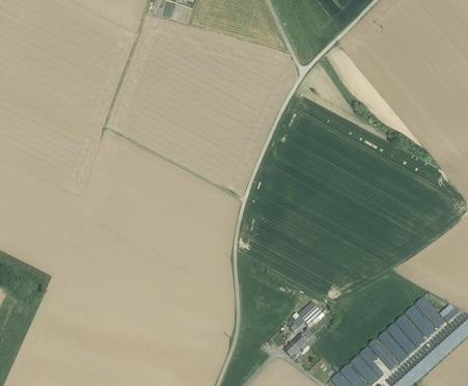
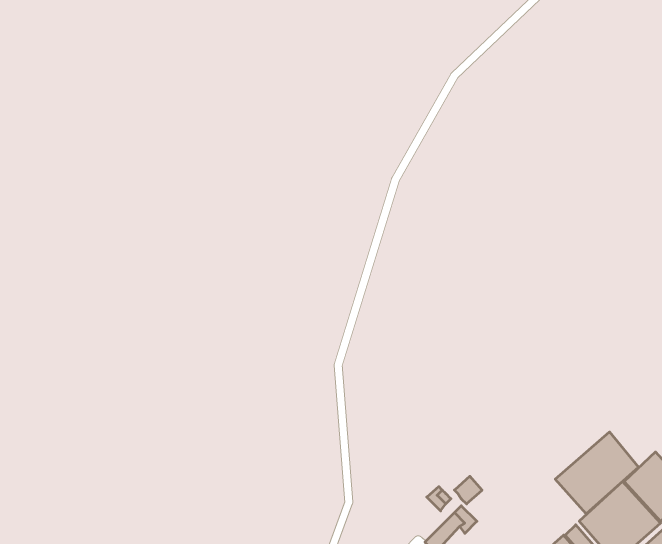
building: none -> [555,432,639,514]

